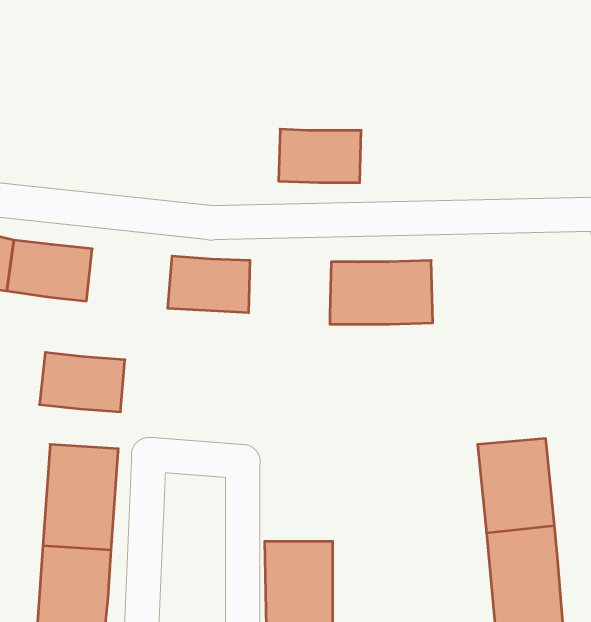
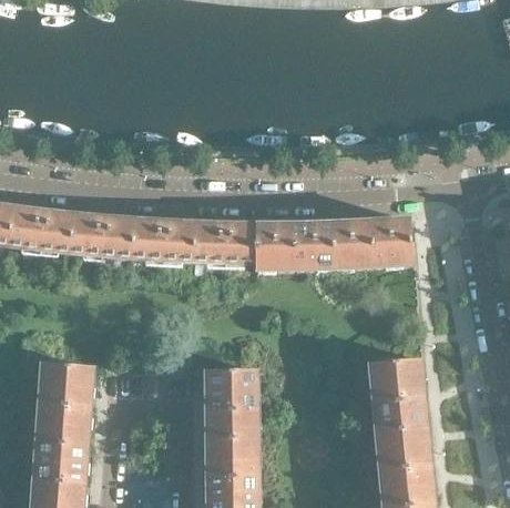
building: [279,129,361,183] -> [194,221,257,262]
building: none -> [334,216,414,268]
building: [39,352,125,412] -> [70,212,135,257]
building: none -> [206,368,258,436]

